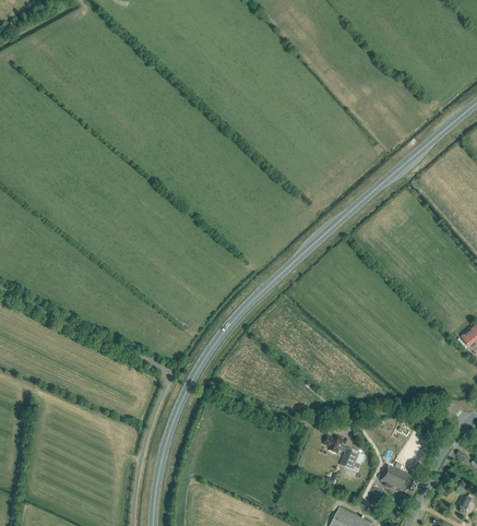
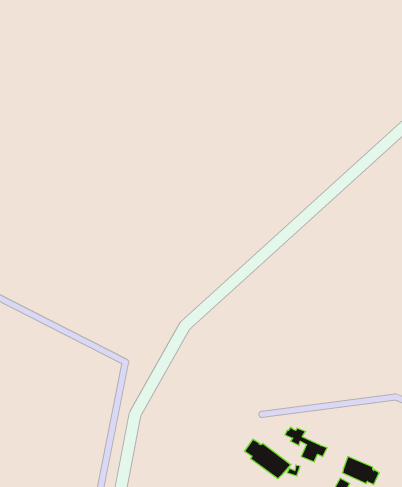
building: none -> [244,439,291,479]

